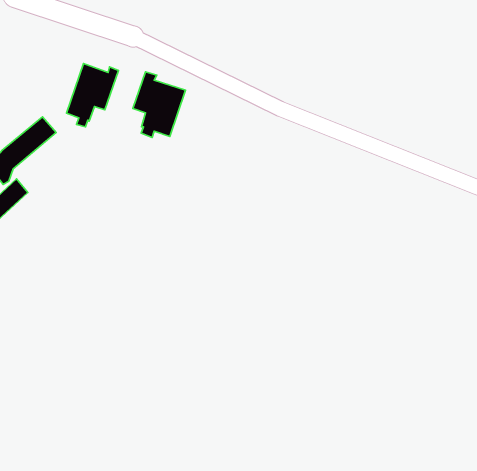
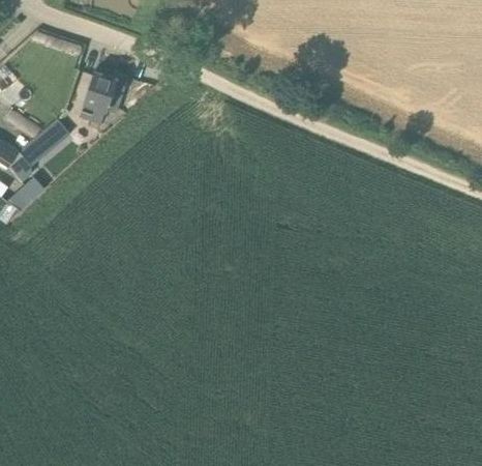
building: [133,72,186,138] -> none

